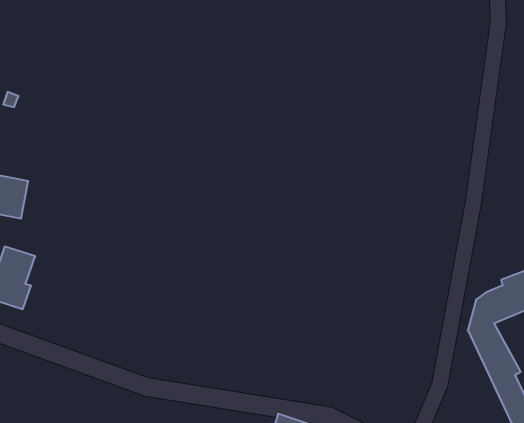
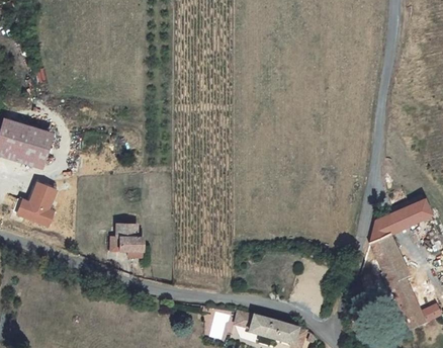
building: none -> [113,231,142,256]

